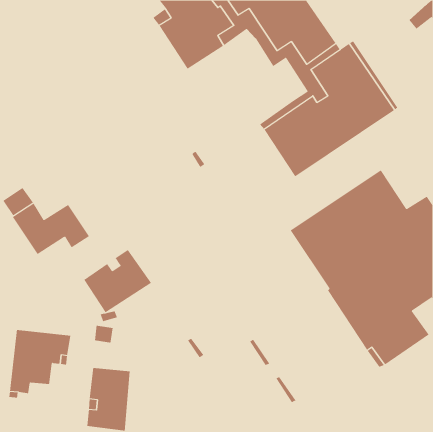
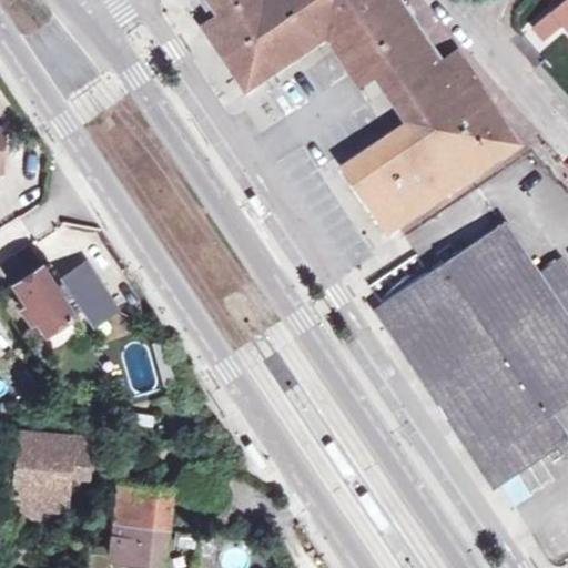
building: [83,249,152,313] -> none

